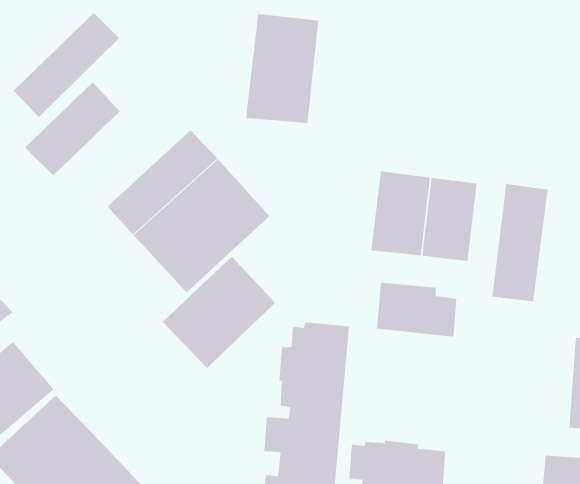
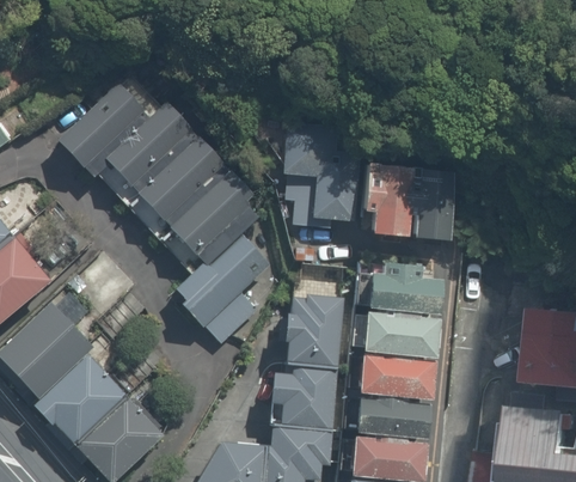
building: [13,12,120,118] -> [106,92,200,184]
building: [245,14,319,124] -> [289,129,354,225]
building: [492,183,548,302] -> none
building: none -> [362,299,435,353]
building: none -> [347,353,436,402]

